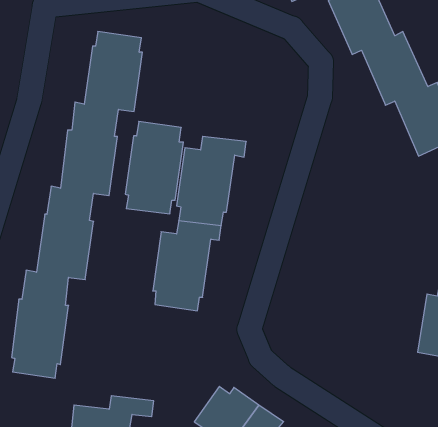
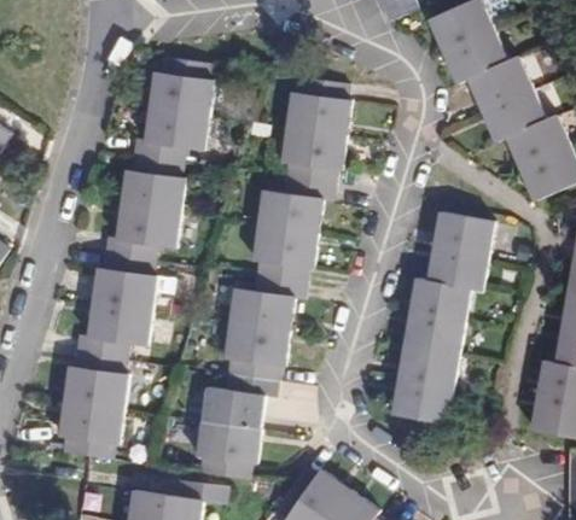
building: [125,121,183,214] -> [281,77,349,185]
building: none -> [392,214,491,423]
building: none -> [197,374,277,479]

